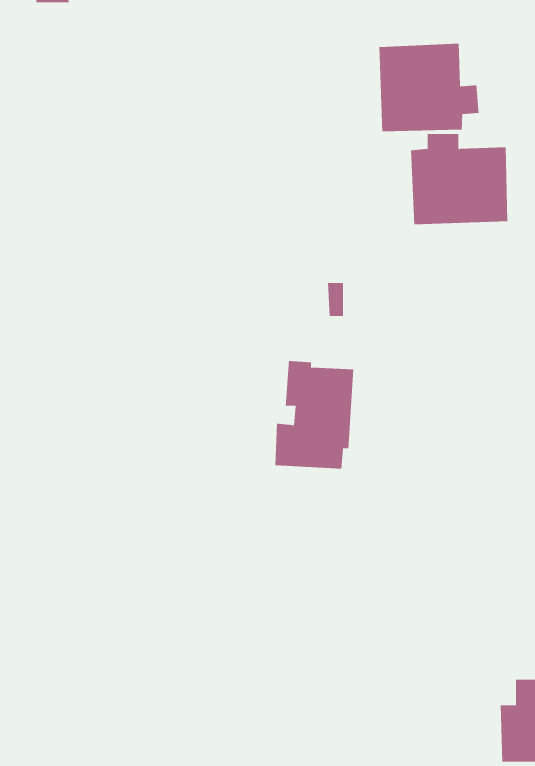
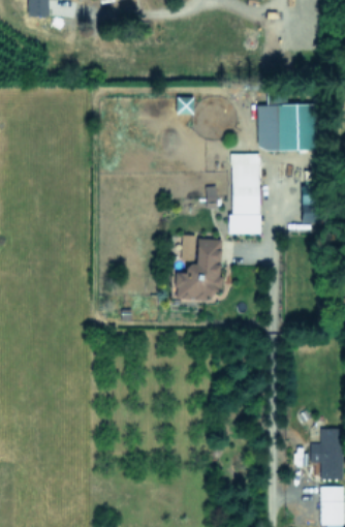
building: [379,43,479,132] -> none
building: none -> [231,154,260,235]

